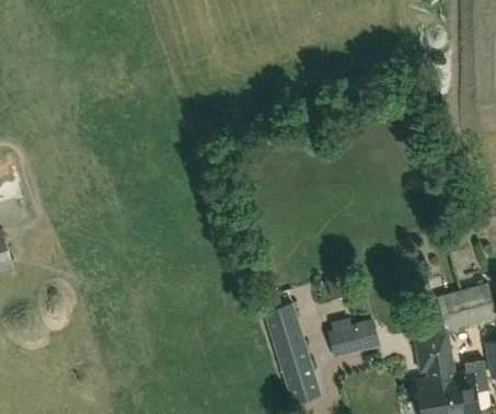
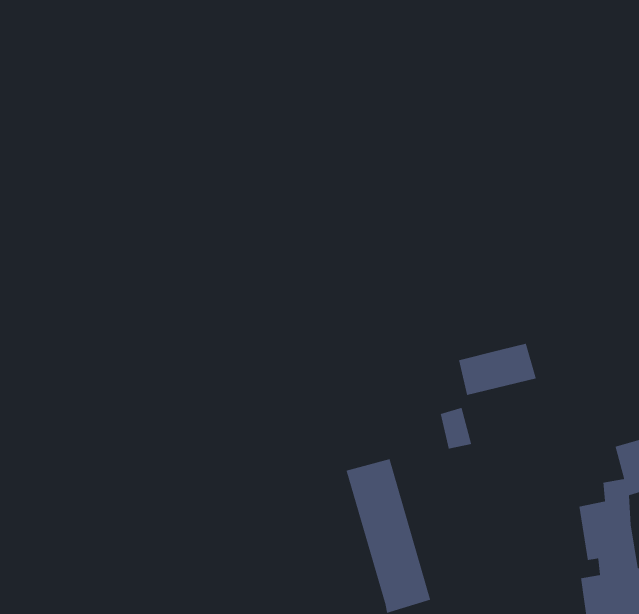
building: [330,322,380,356] -> [458,343,537,396]

